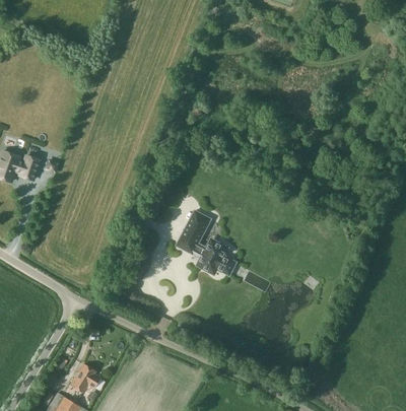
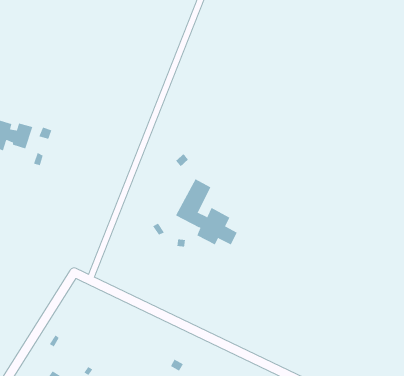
building: [70,363,99,392] -> none

